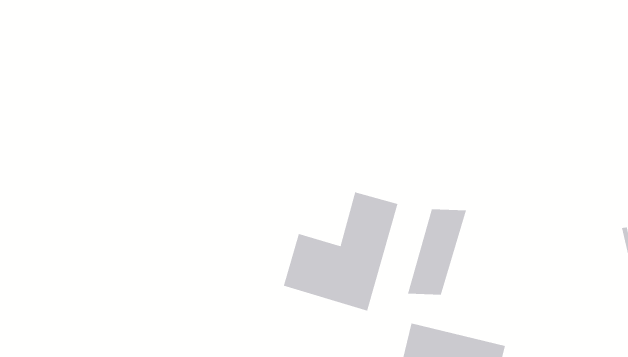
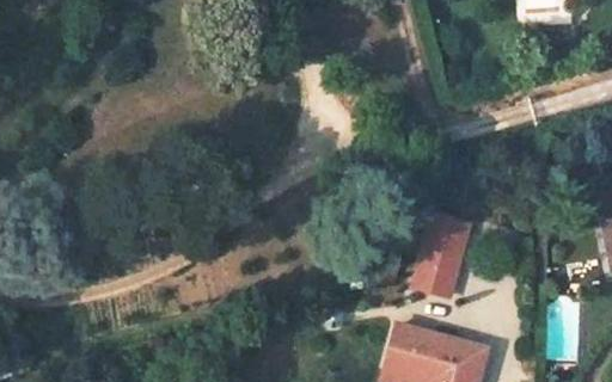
building: [283,192,398,312] -> none

